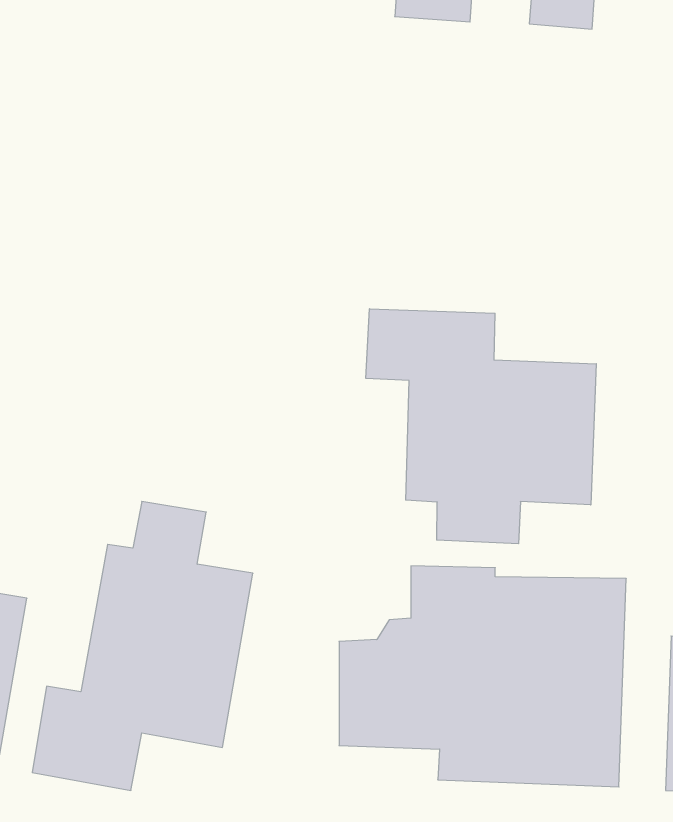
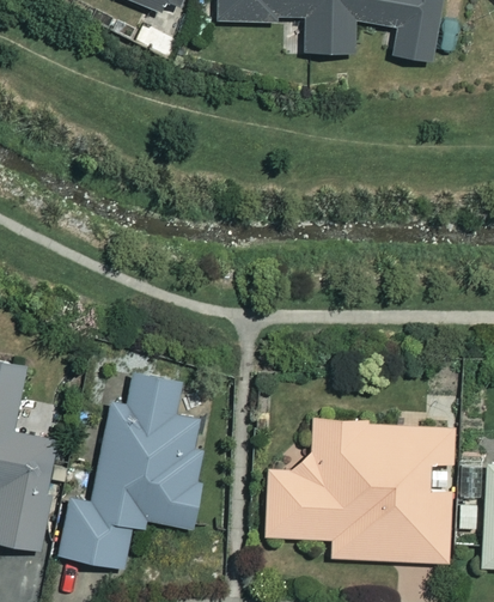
building: [366,309,596,544] -> none

